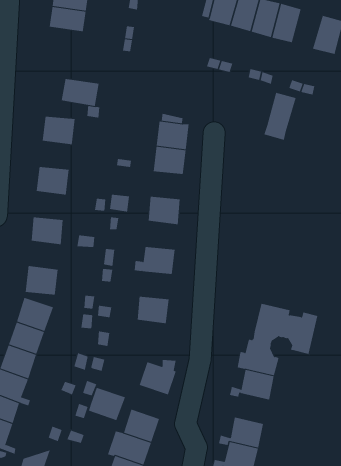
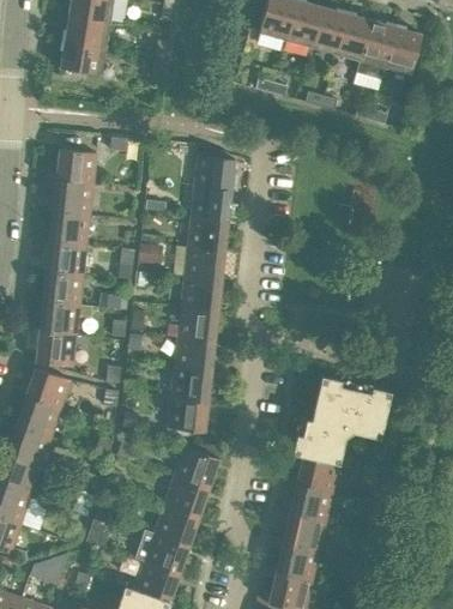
building: [61,79,99,106] -> [60,42,107,76]
building: [264,92,296,141] -> [356,20,395,79]
building: none -> [53,180,93,215]
building: none -> [187,217,228,251]
building: none -> [46,241,86,276]
building: none -> [181,277,222,312]
building: none -> [40,301,91,336]
building: none -> [174,338,215,372]
building: none -> [168,397,207,433]
building: [88,387,126,421] -> [164,476,210,517]
building: none -> [277,486,332,523]

